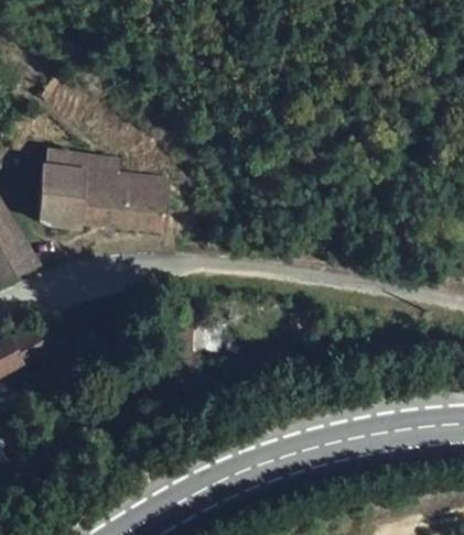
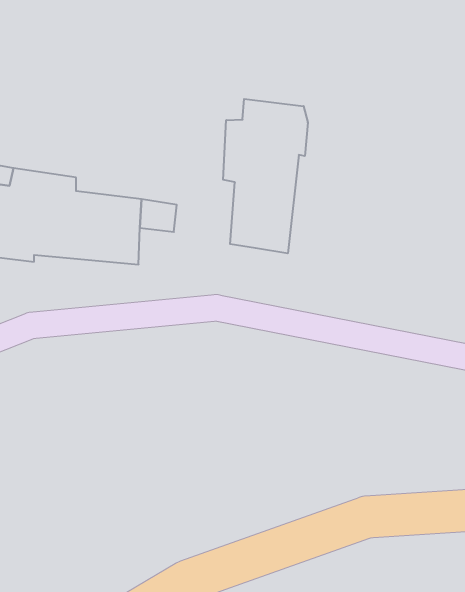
building: none -> [223,99,308,253]

